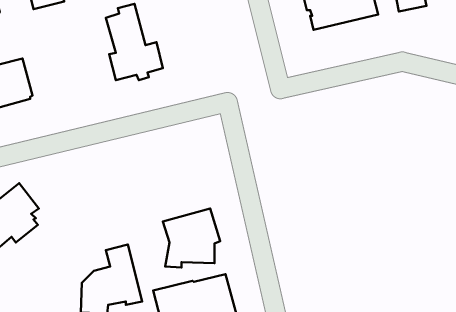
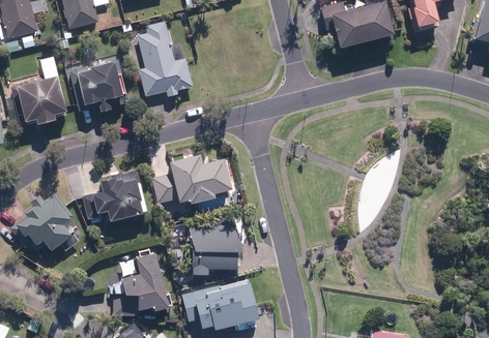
building: none -> [69,60,127,112]
building: none -> [151,155,232,204]
building: none -> [82,172,144,220]

